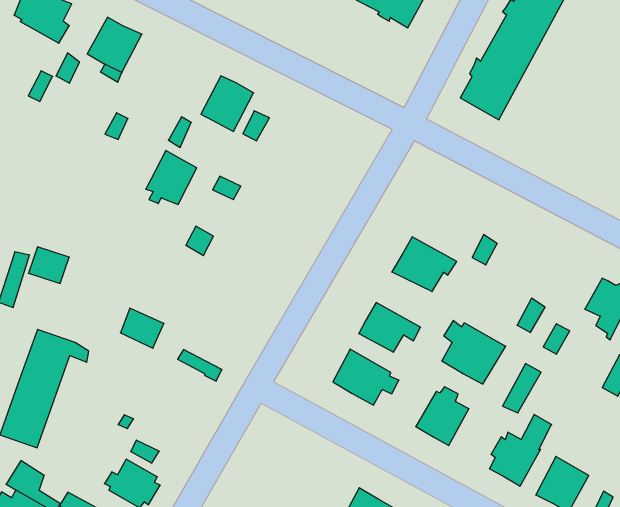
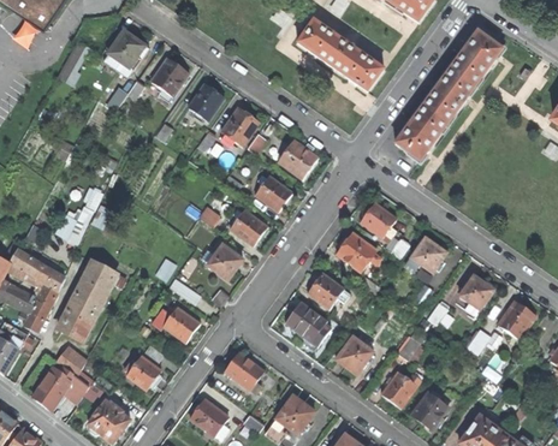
building: none -> [277,139,316,179]
building: [146,151,197,204] -> [186,83,222,120]
building: none -> [253,174,291,212]
building: none -> [358,202,394,237]
building: none -> [228,208,266,245]
building: none -> [408,238,449,273]
building: none -> [201,244,242,279]
building: [442,320,506,384] -> none
building: none -> [150,302,198,343]
building: none -> [222,351,263,393]

